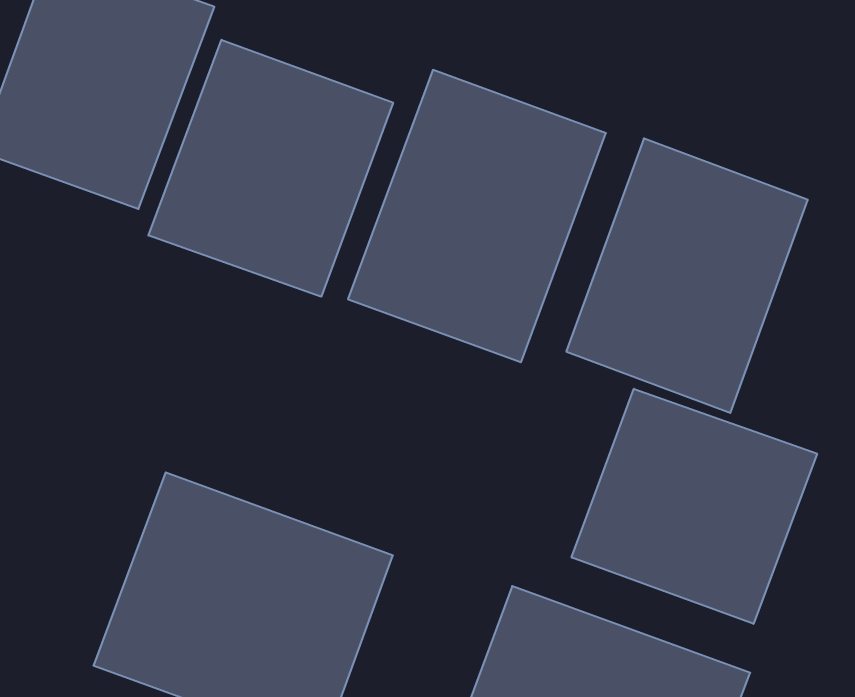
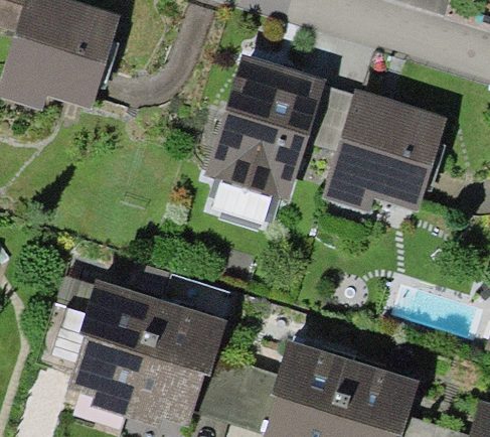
building: [148,40,393,297] -> none
building: [572,389,817,624] -> none

